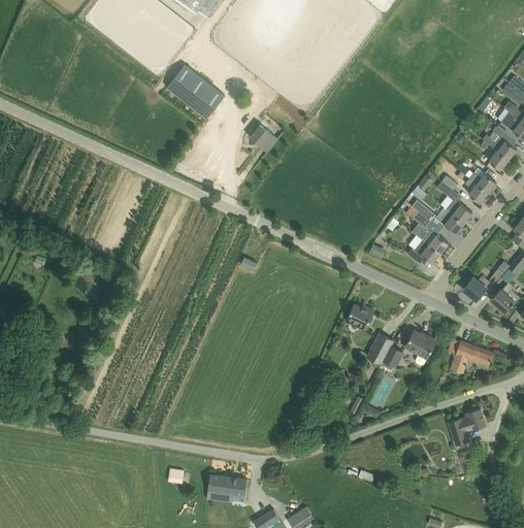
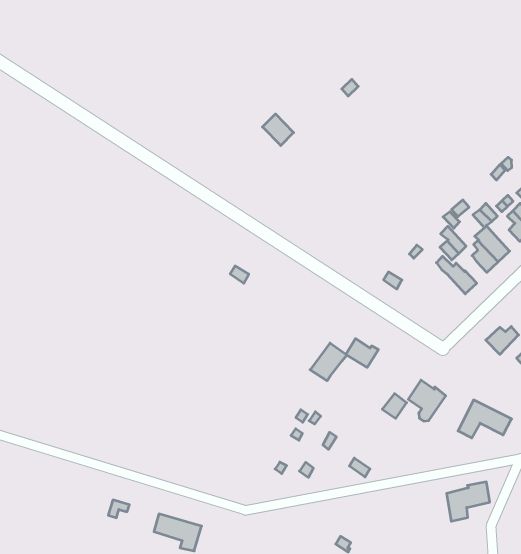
building: [166,65,224,119] -> none
building: [407,239,439,264] -> none
building: [366,332,395,364] -> [310,343,347,381]

